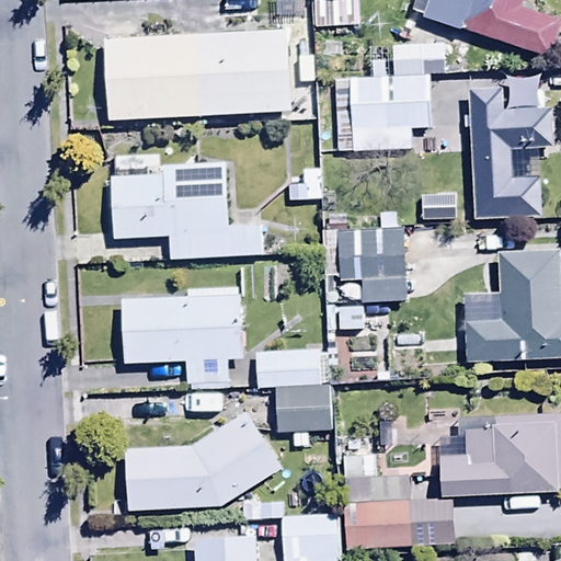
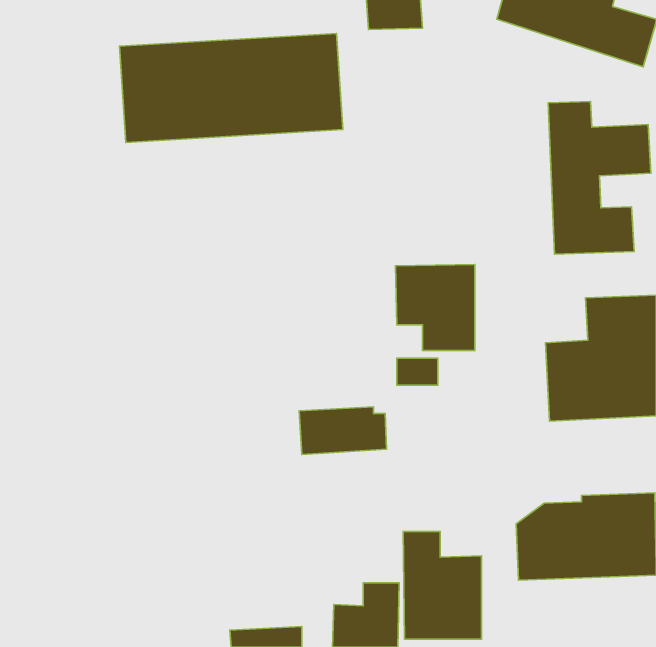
building: [336,45,444,151] -> none
building: [112,163,261,259] -> none
building: [124,286,244,385] -> none
building: [276,383,332,432] -> none
building: [125,409,280,510] -> none

